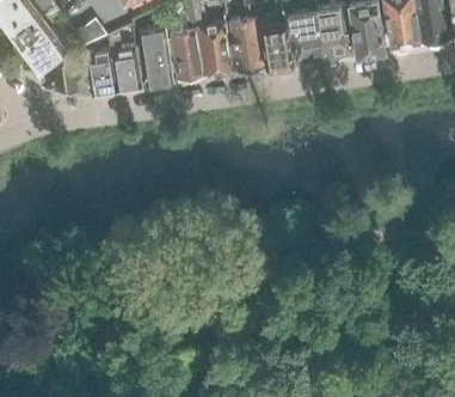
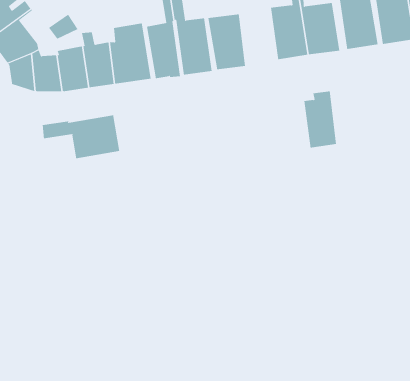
building: [258,17,289,71] -> [304,91,337,148]
building: none -> [42,115,120,159]

